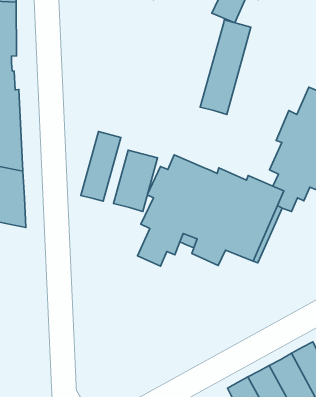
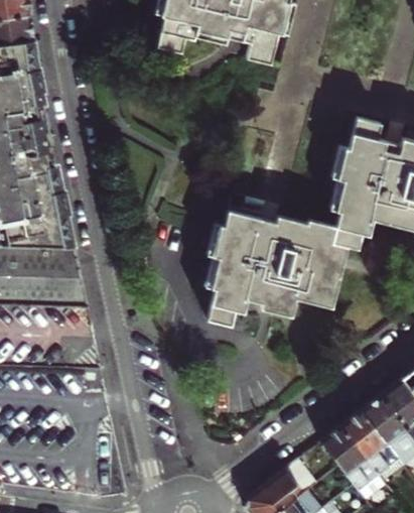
building: [200,20,251,114] -> none
building: [81,132,121,201] -> none
building: [114,150,157,211] -> none

